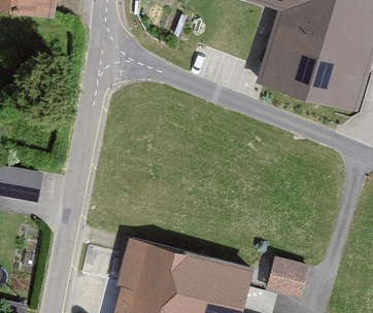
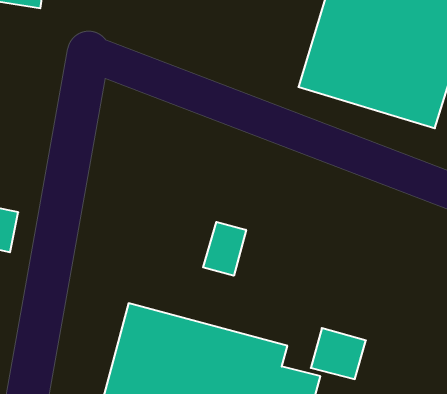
building: none -> [203,222,246,276]

